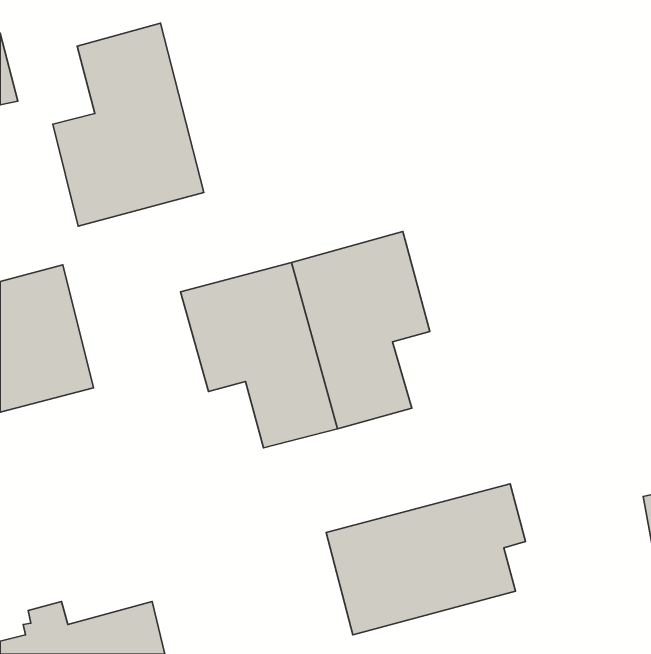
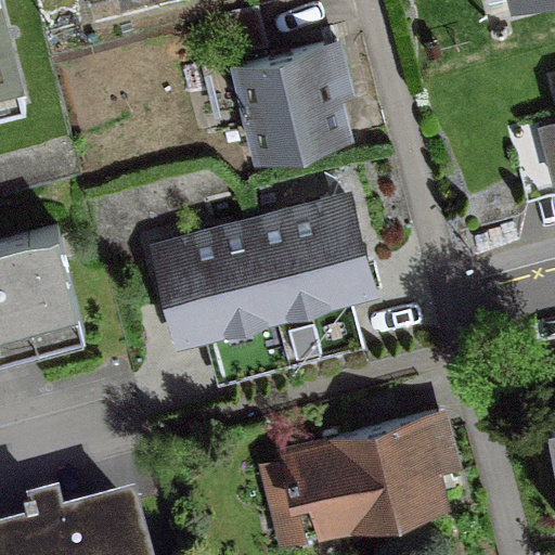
building: [53,23,204,226] -> none
building: none -> [235,42,346,154]

